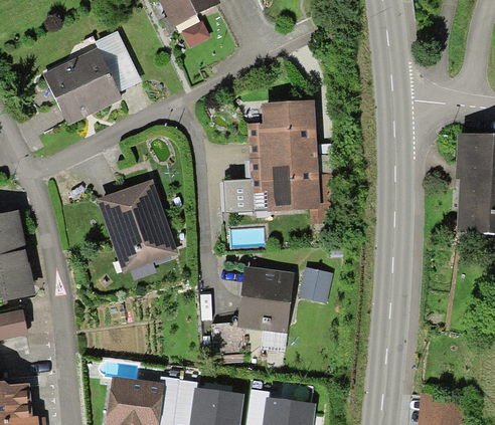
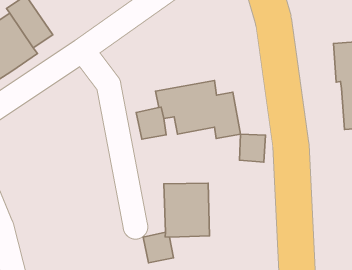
building: [248,100,317,160] -> none
building: [97,179,178,272] -> none
building: [299,266,332,301] -> [240,134,265,162]

